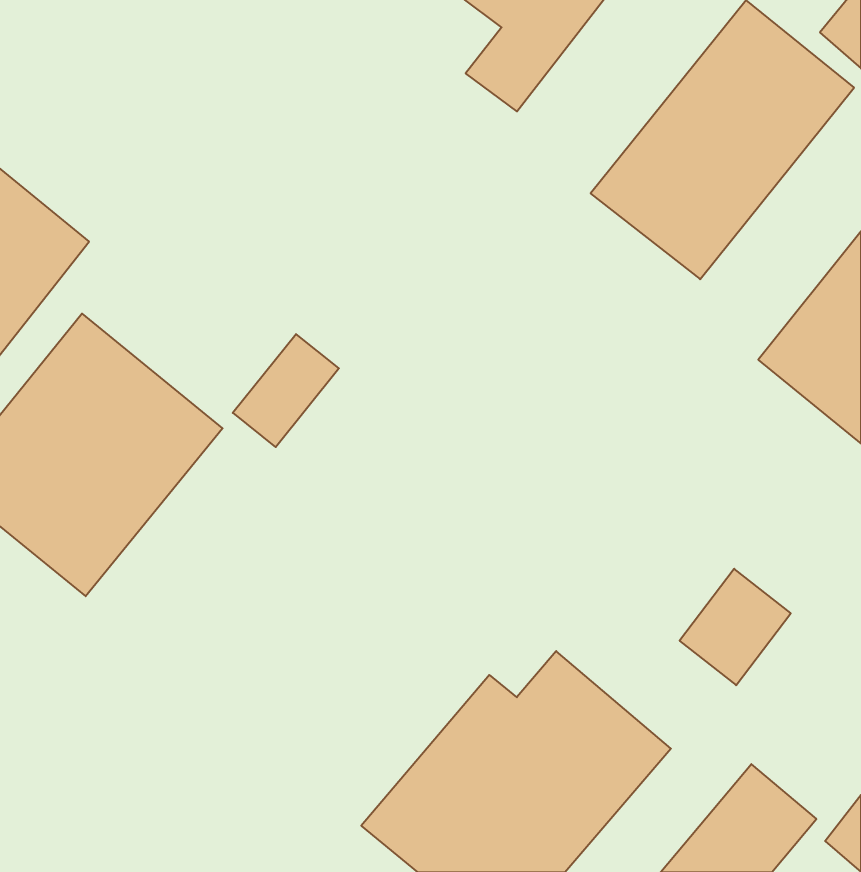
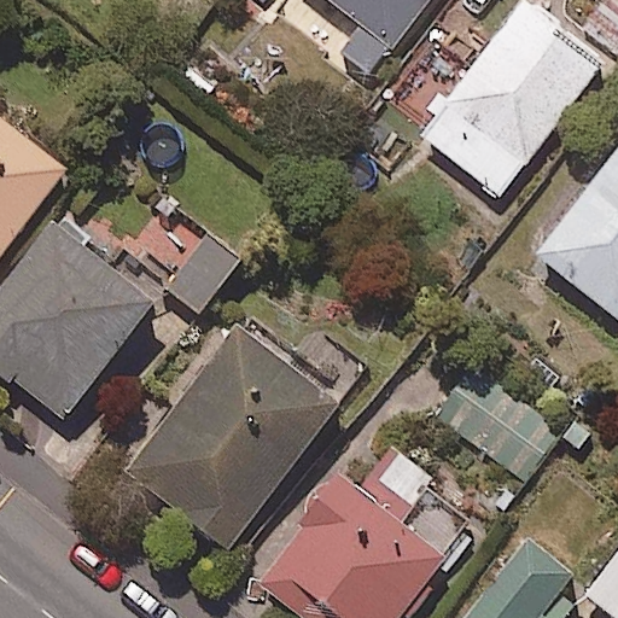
building: none -> [128,327,340,548]

